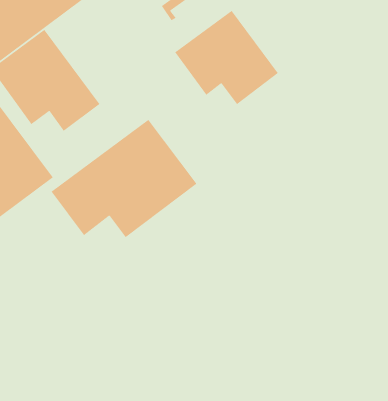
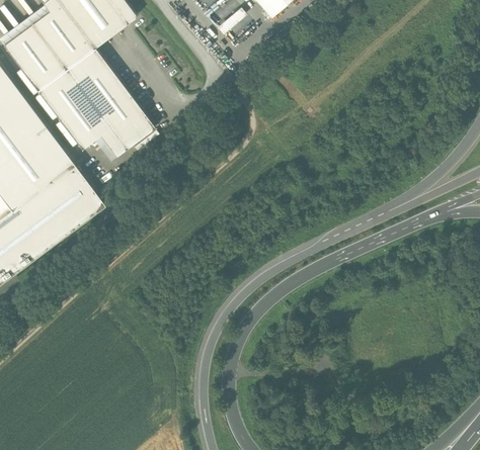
building: [174,10,279,105] -> none
building: [51,119,197,238] -> none

